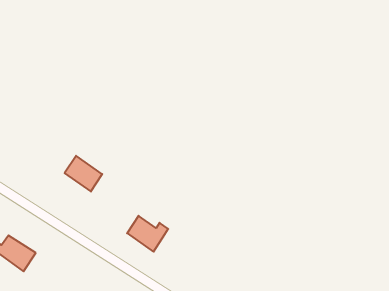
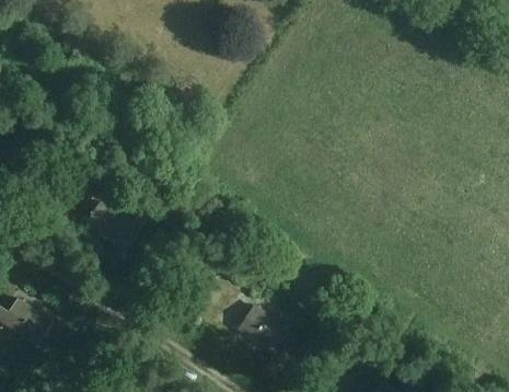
building: [127,216,168,252] -> [236,307,288,351]

